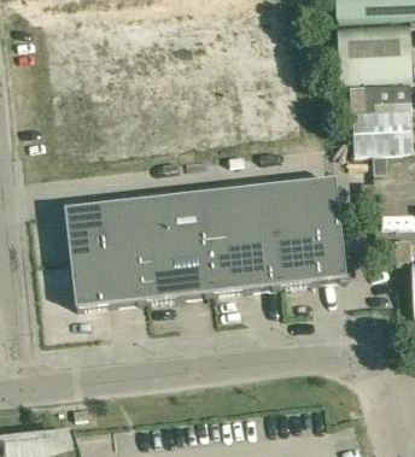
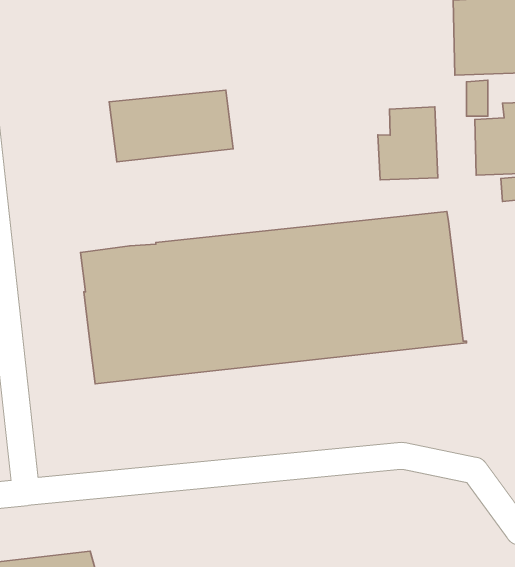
building: none -> [109,90,233,162]
building: none -> [378,107,438,180]

